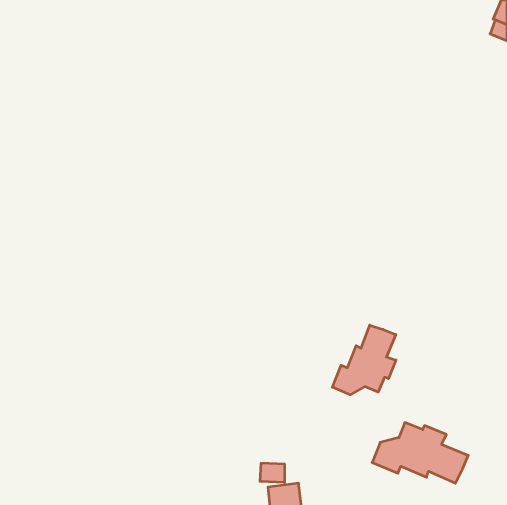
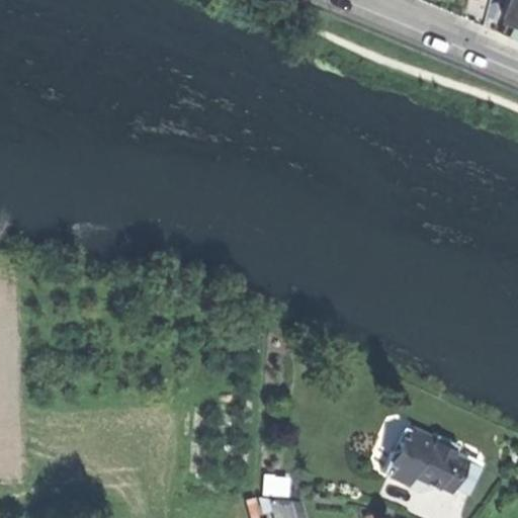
building: [332,325,396,395] -> none

